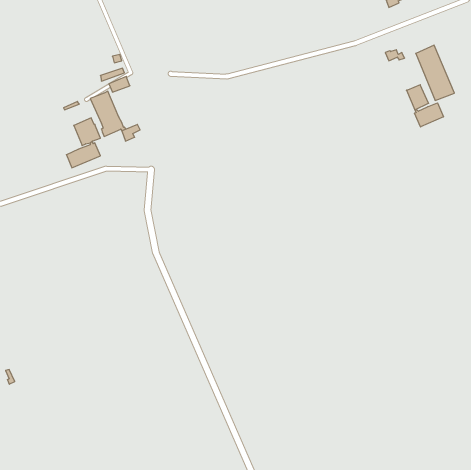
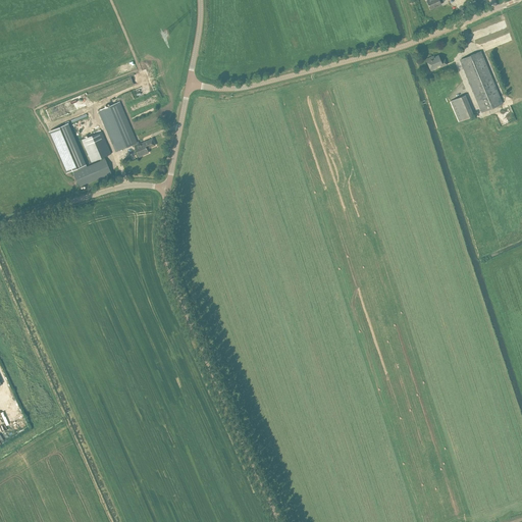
building: [415,103,443,127] -> none
building: none -> [48,122,87,172]

